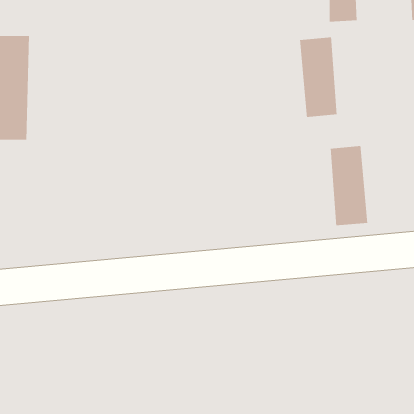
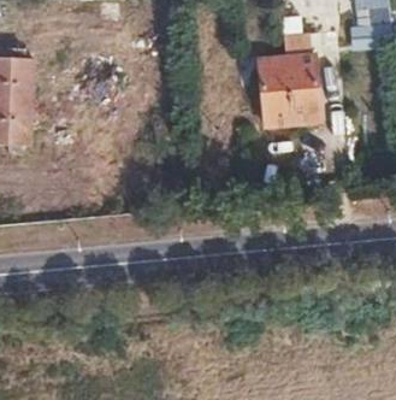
building: [330,145,368,226] -> [288,57,320,125]

